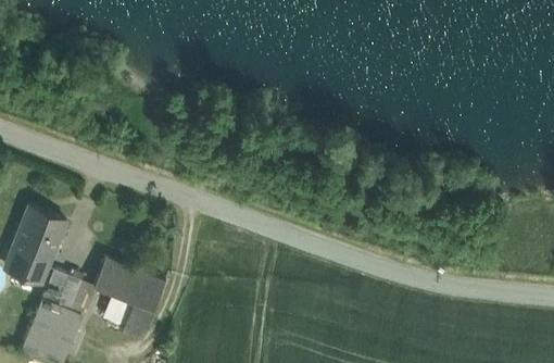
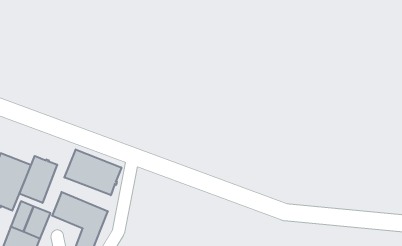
building: none -> [64,149,121,195]
building: none -> [20,156,57,203]

